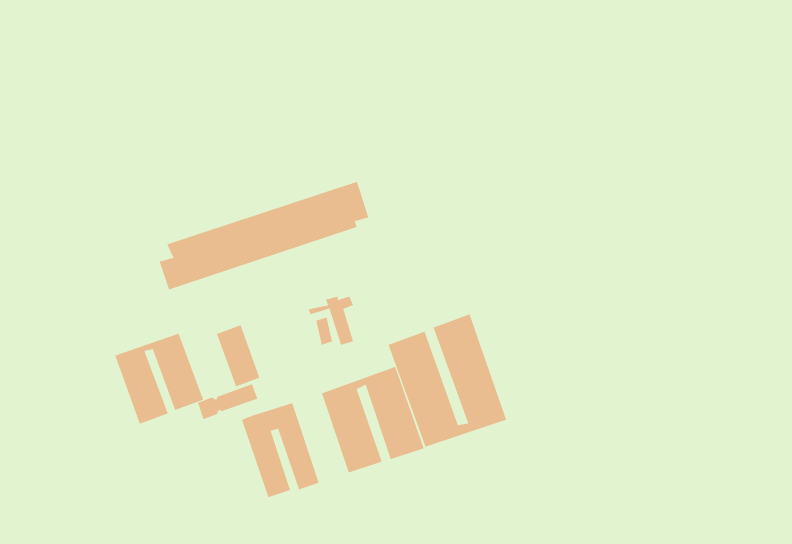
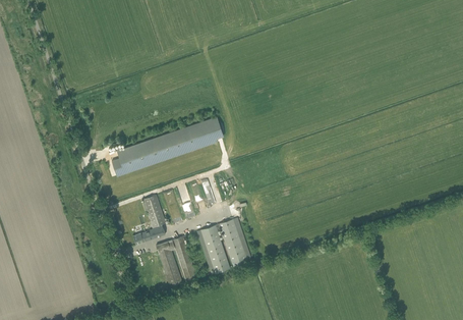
building: [388,313,507,448] -> none
building: [115,333,204,425] -> none

